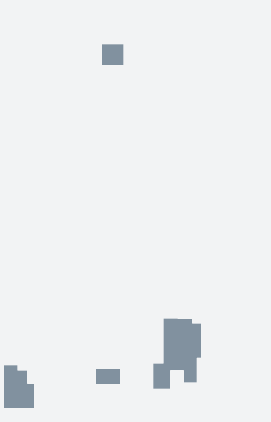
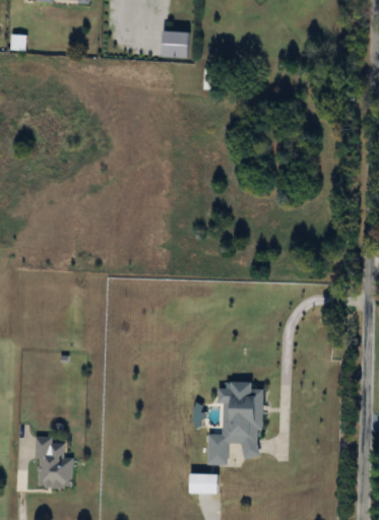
building: [101,44,124,66] -> [165,31,191,57]
building: [95,368,121,385] -> [190,473,219,493]

